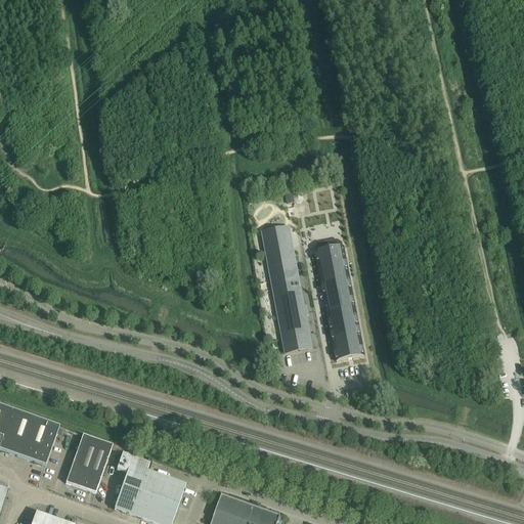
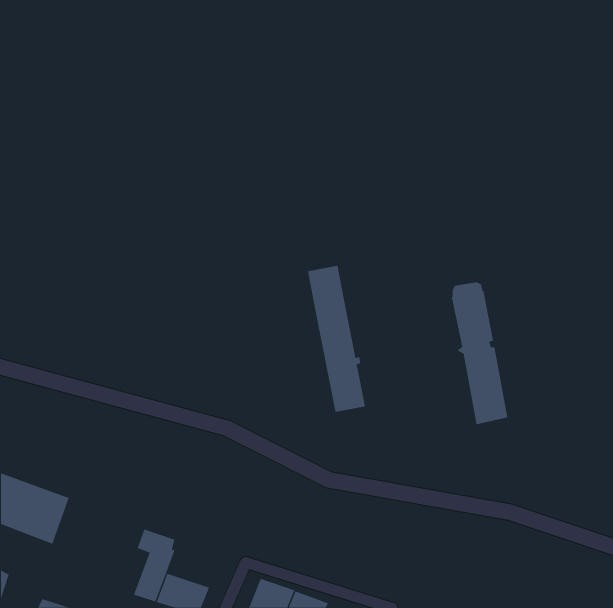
building: [315,238,364,360] -> [451,282,508,425]
building: [66,433,113,492] -> none
building: [142,470,185,501] -> none

